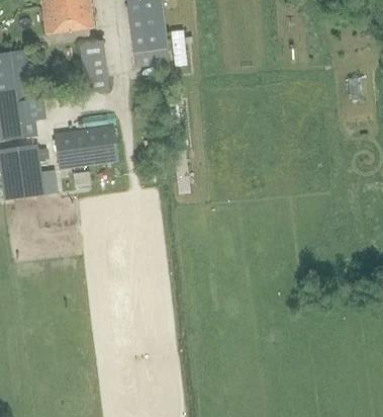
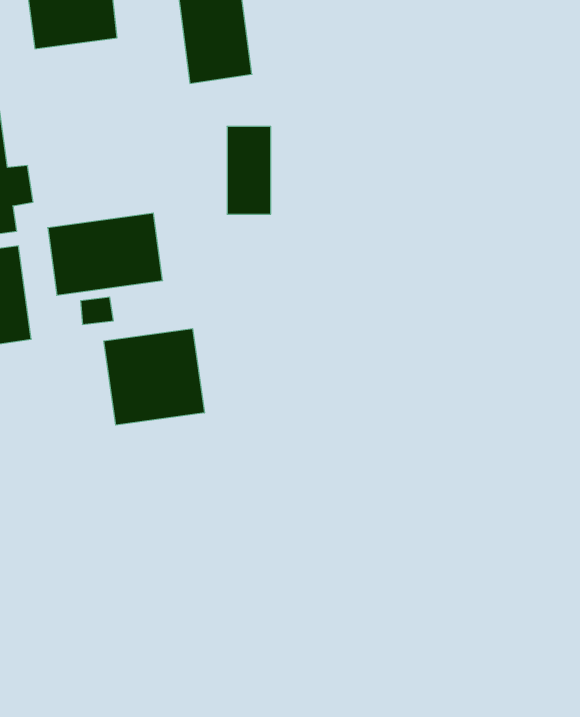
building: [78,39,102,88] -> [227,126,271,214]
building: none -> [104,329,204,425]

